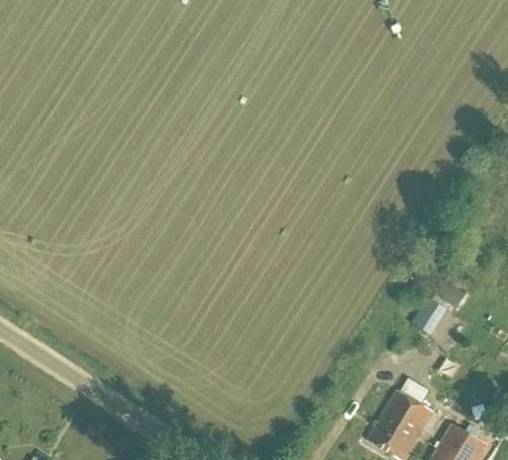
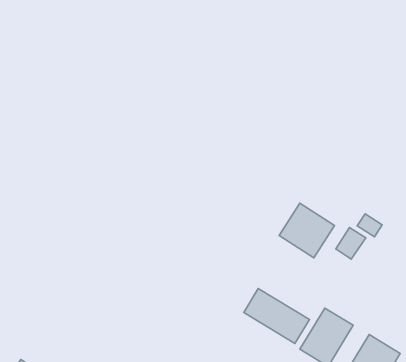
building: none -> [279,203,335,258]
building: none -> [244,288,309,343]

